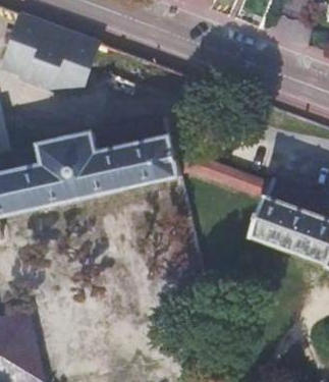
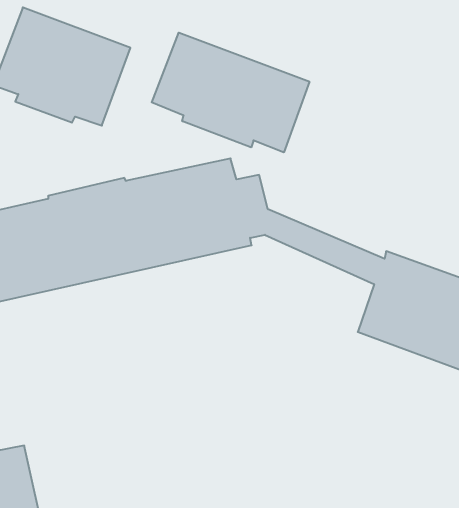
building: none -> [152,33,309,152]

